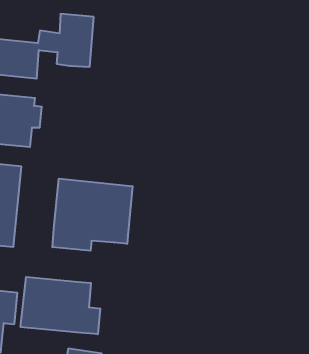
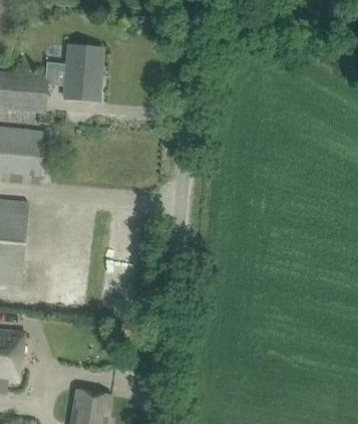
building: [52,179,132,251] -> none
building: [21,277,100,334] -> none

